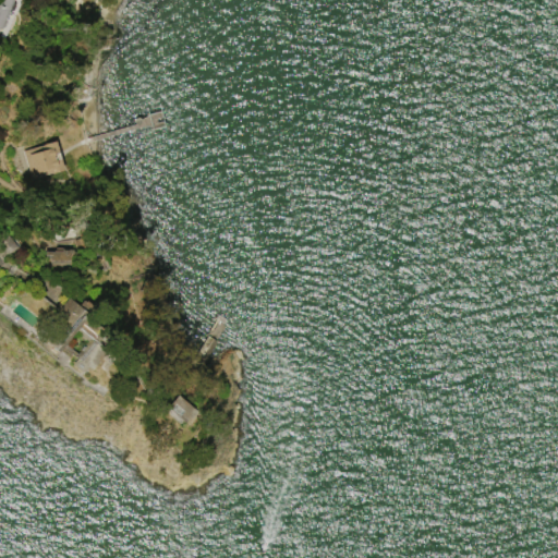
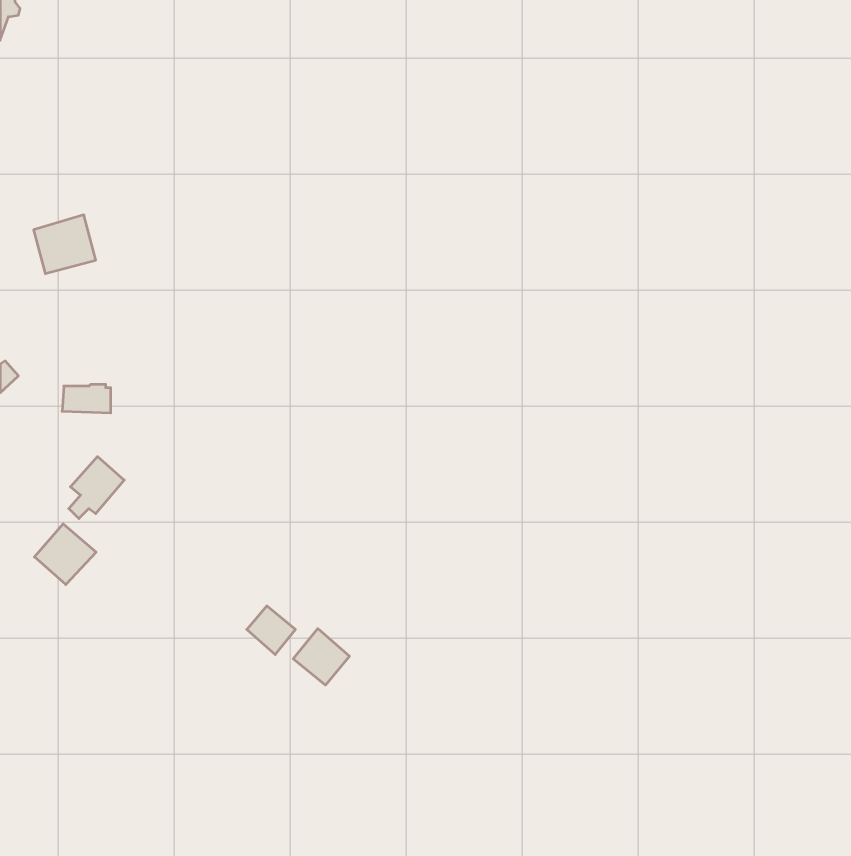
building: none -> [34,524,96,585]
building: none -> [293,629,349,685]

